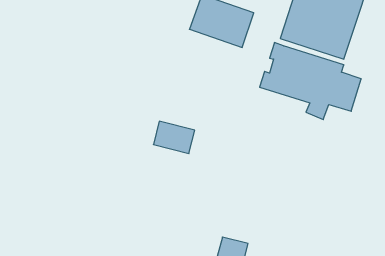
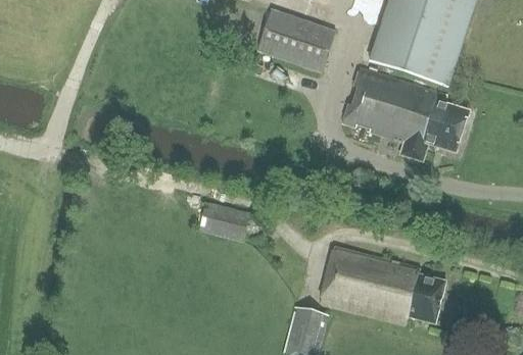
building: [153,121,195,154] -> [198,201,249,241]
building: none -> [322,245,444,322]

